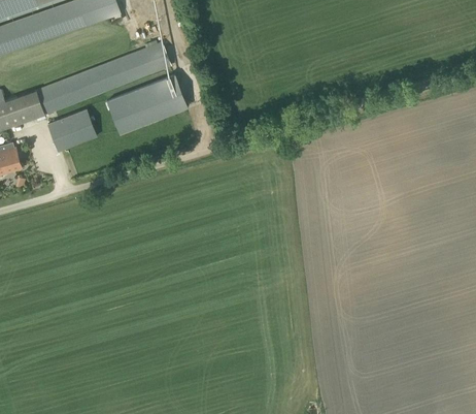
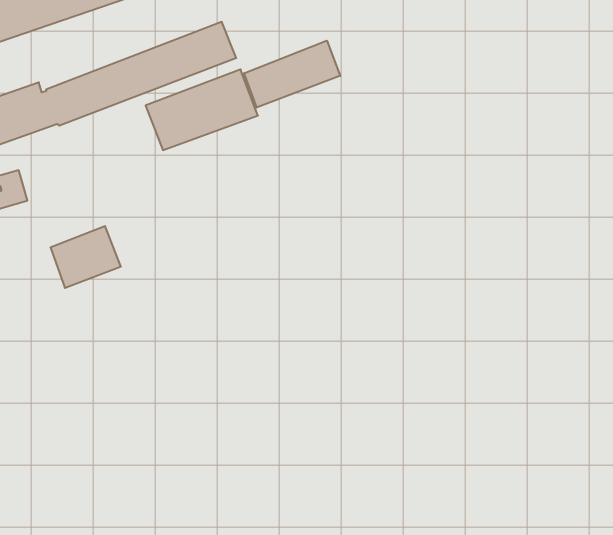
building: none -> [244,41,340,108]
building: [45,108,96,153] -> [50,226,121,288]

